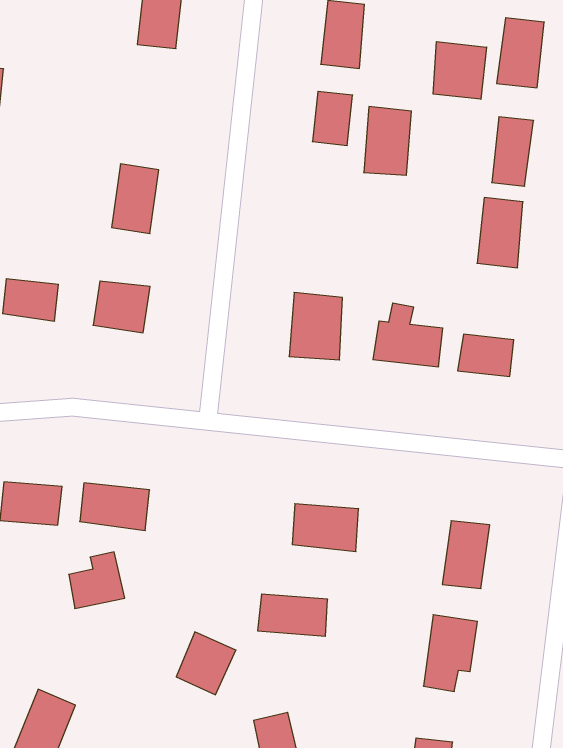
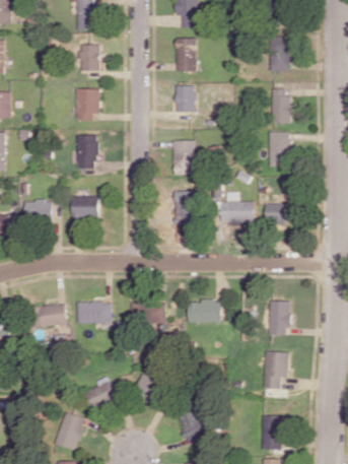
building: [433,42,487,99] -> none
building: none -> [76,89,99,122]
building: [364,107,411,175] -> [172,141,196,176]
building: [69,552,125,608] -> [84,378,115,409]
building: [258,594,328,636] -> [130,303,165,323]

